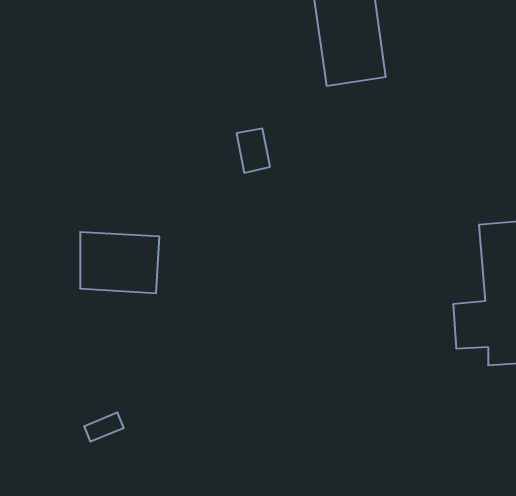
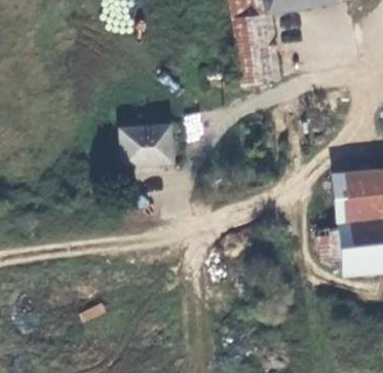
building: [80,232,159,293] -> [113,120,166,161]

